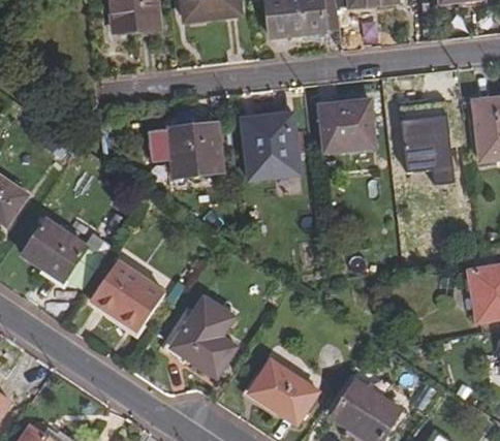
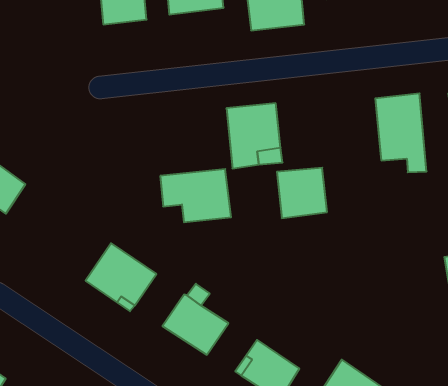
building: [319,98,372,151] -> [277,168,327,218]
building: [146,122,220,178] -> [160,169,231,222]
building: [27,222,90,282] -> none

